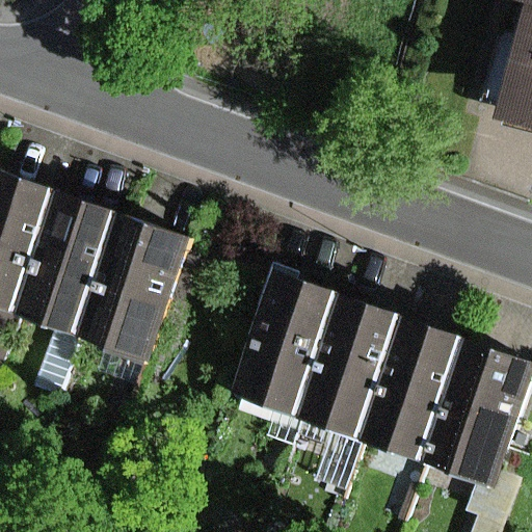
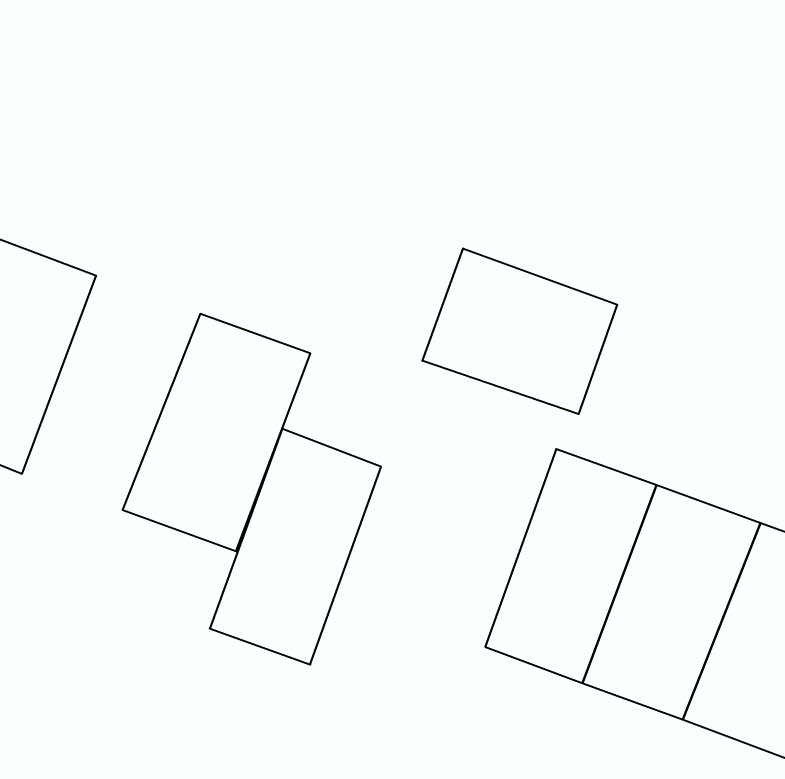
building: none -> [422,248,617,414]
building: [15,190,127,338] -> none
building: [243,275,351,424] -> [210,429,381,665]

